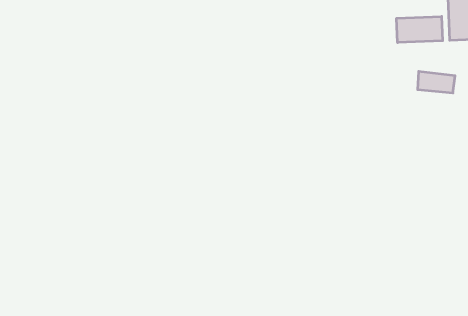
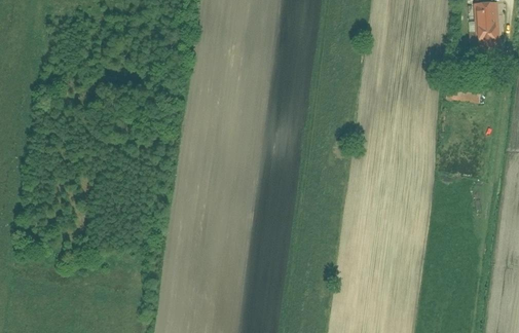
building: [397,16,443,43] -> none

